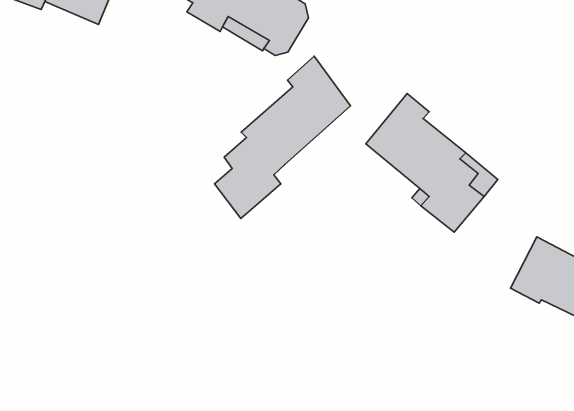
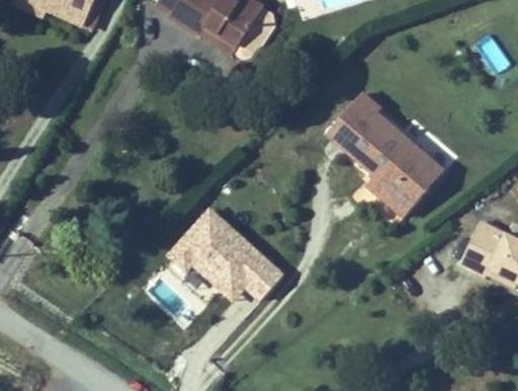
building: [214,56,350,219] -> none
building: none -> [166,206,284,313]

